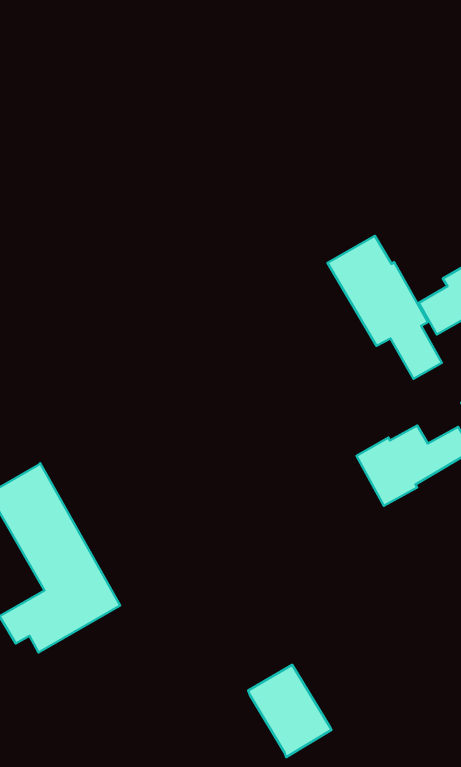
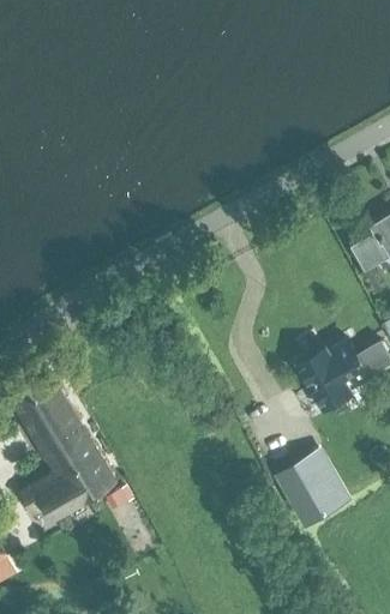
building: [327,236,442,379] -> none
building: [248,665,331,757] -> [277,452,343,525]

